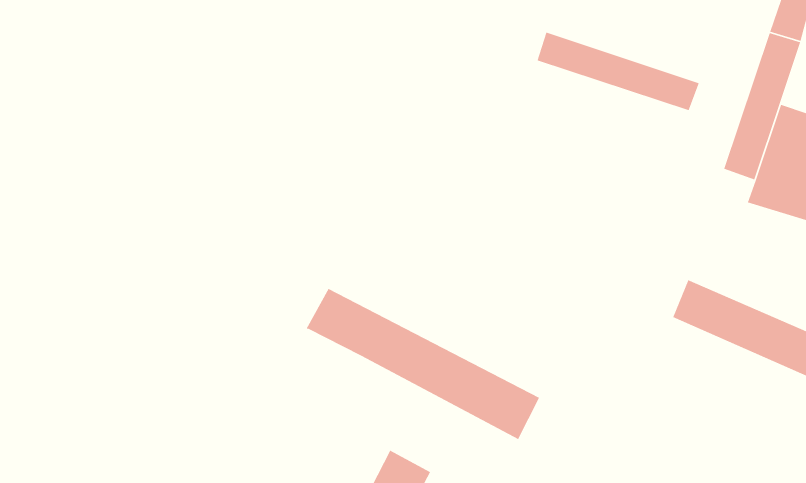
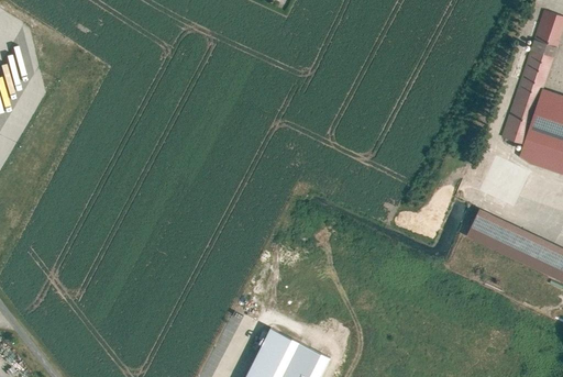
building: [537,32,700,111] -> none
building: [305,288,540,440] -> none

